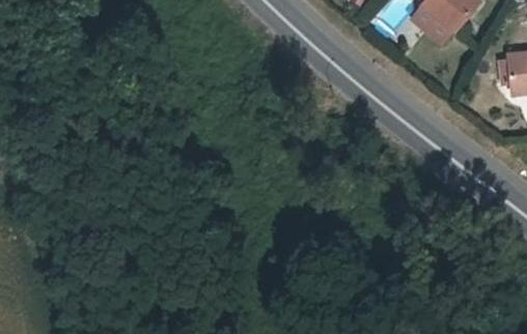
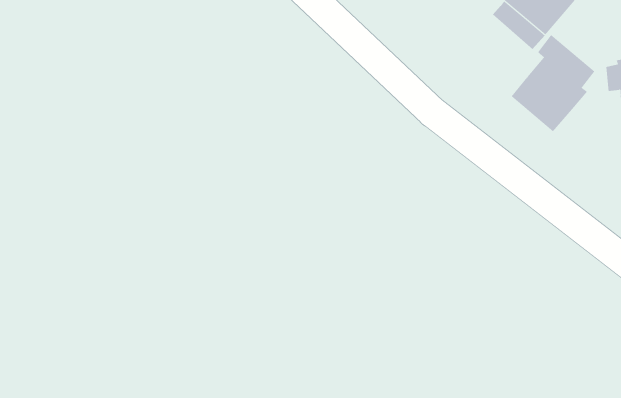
building: none -> [511,34,595,132]

